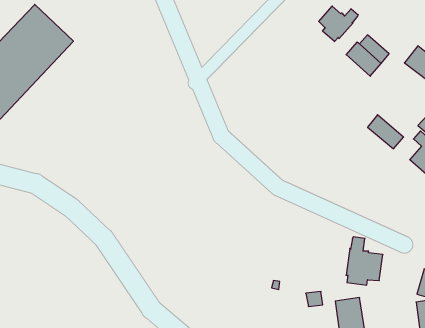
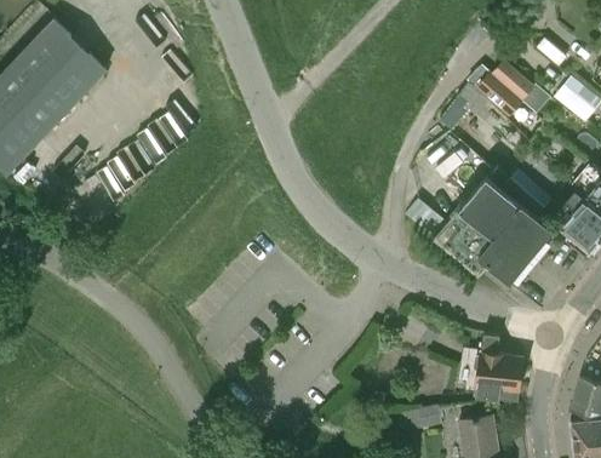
building: [319,6,358,42] -> none
building: none -> [434,176,554,284]

